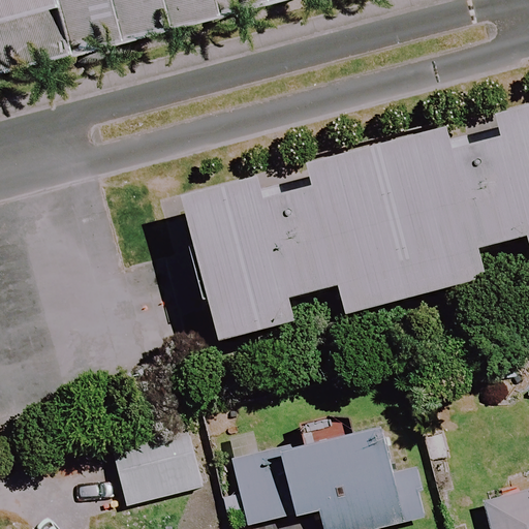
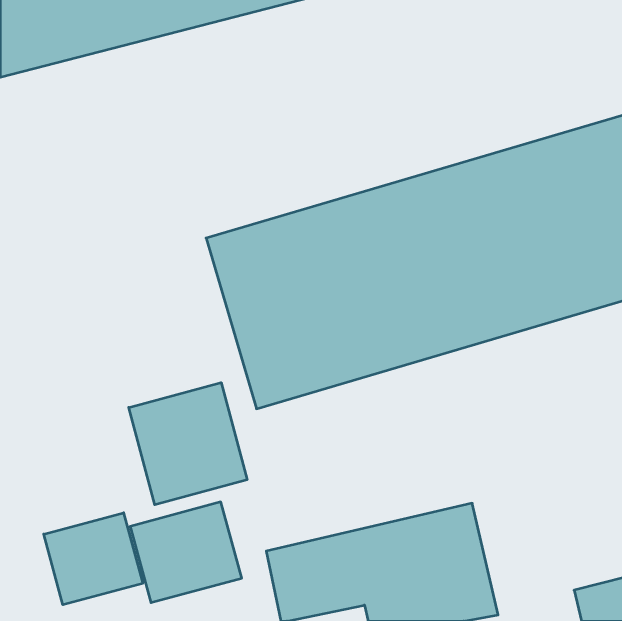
building: none -> [129,383,247,505]
building: none -> [44,513,143,605]

